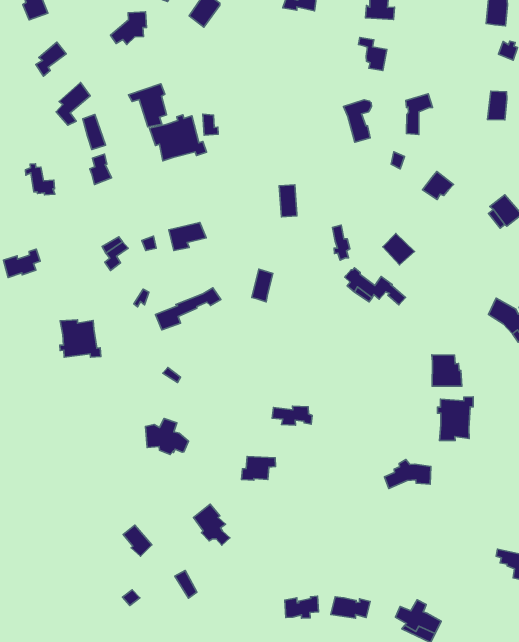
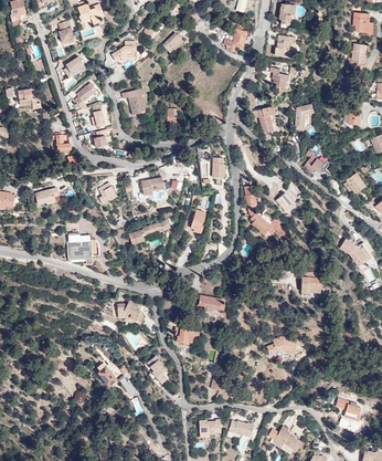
building: [150,115,206,161] -> none
building: [438,397,473,441] -> none

